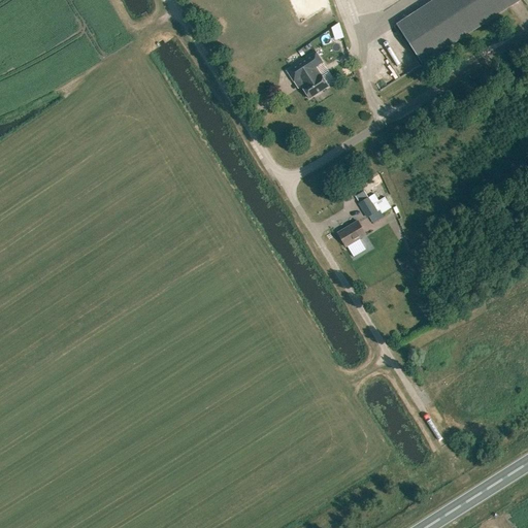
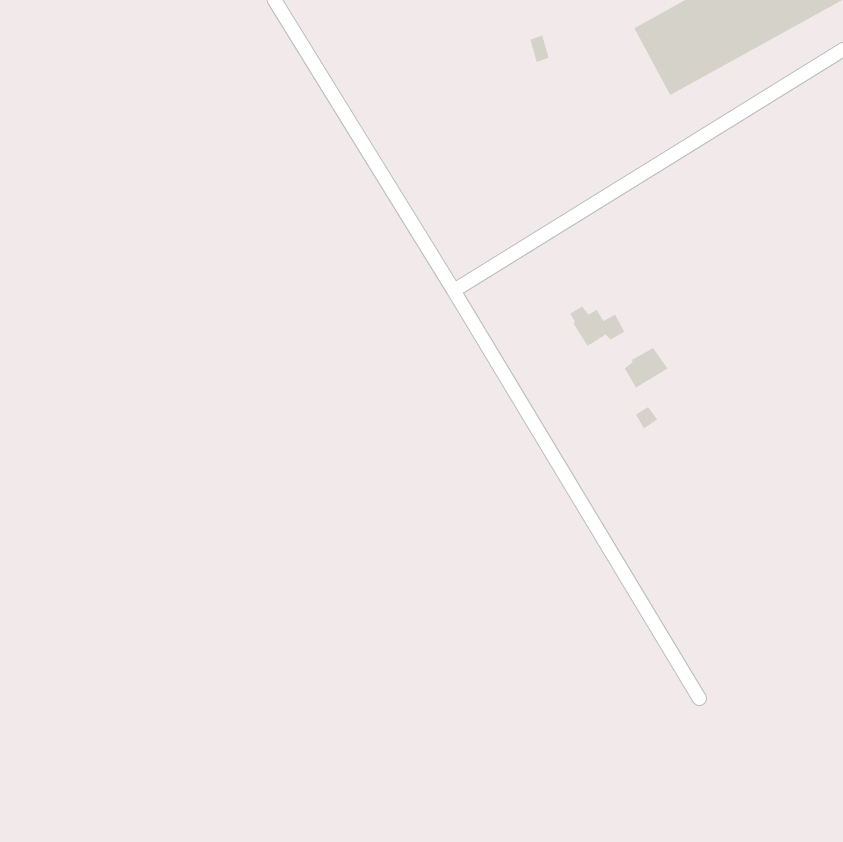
building: [287,52,328,98] -> none
building: [338,221,366,246] -> [624,347,668,388]

